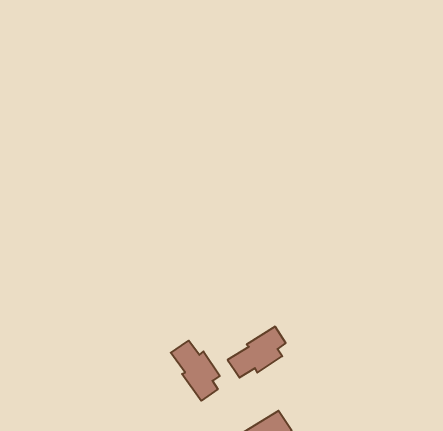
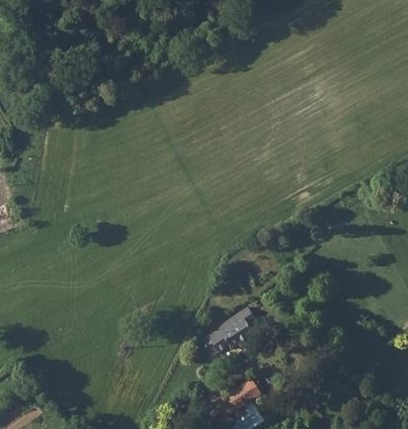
building: [171,341,220,401] -> none

